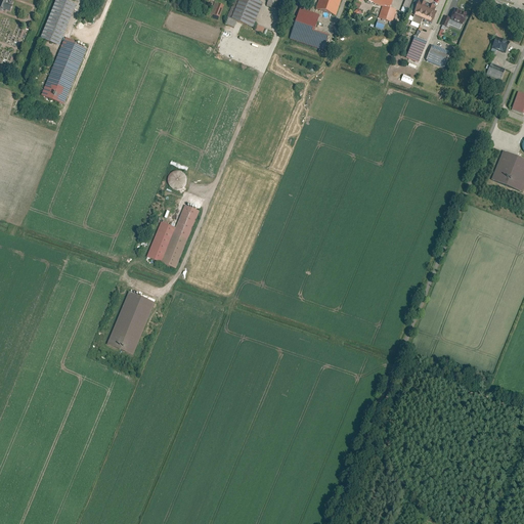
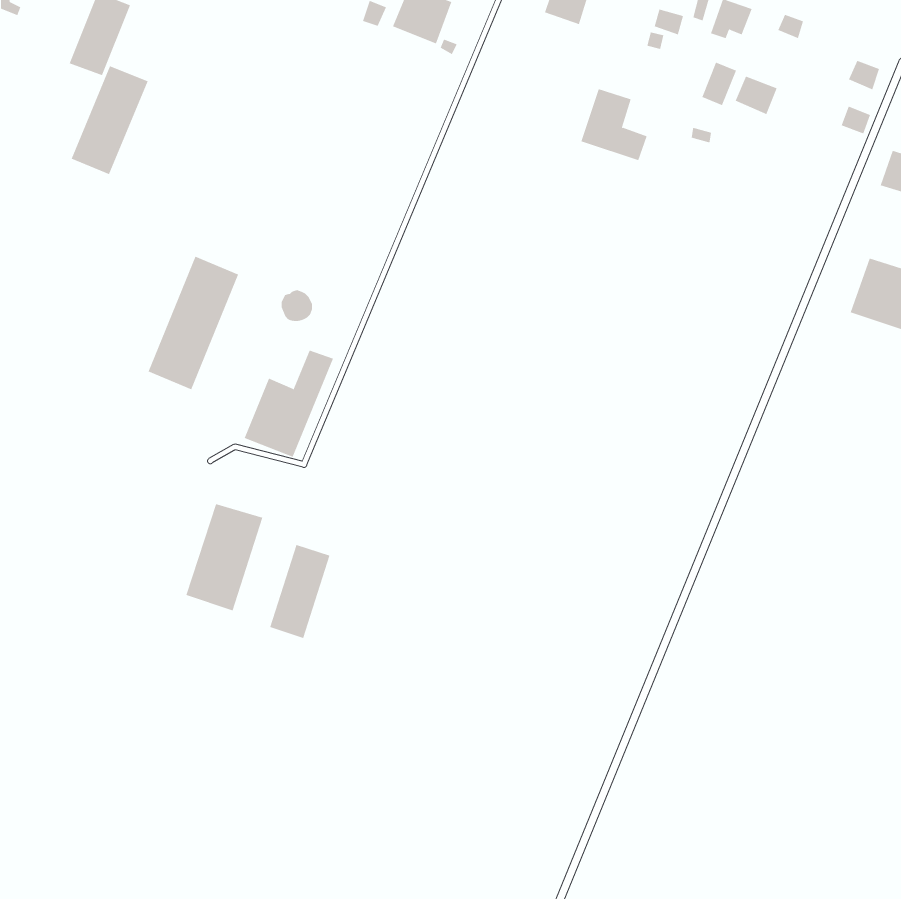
building: [291,6,330,48] -> [580,88,648,161]
building: none -> [148,256,239,390]
building: none -> [269,544,330,639]

